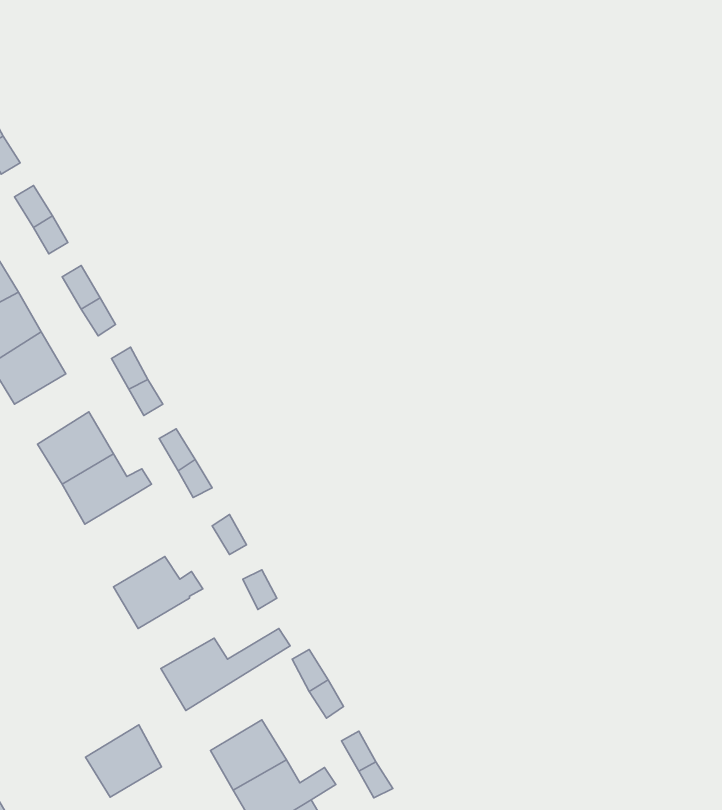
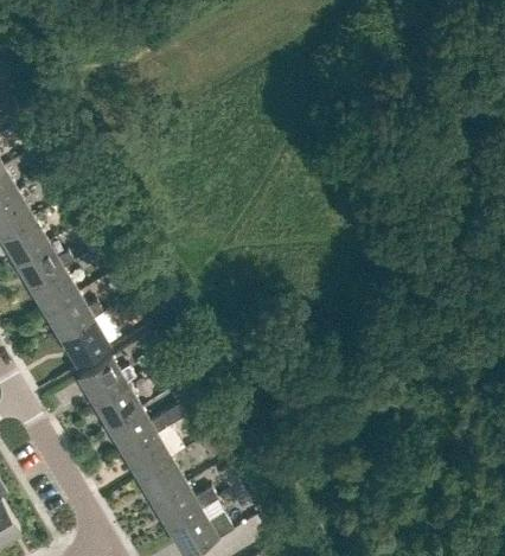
building: none -> [15,244,71,288]
building: none -> [59,319,108,364]
building: none -> [92,384,140,428]
building: [86,725,162,797] -> [122,434,170,479]

